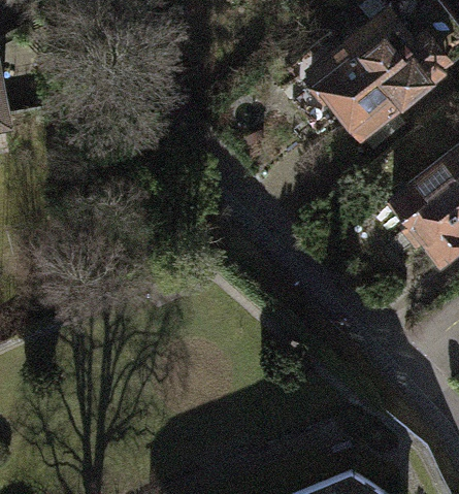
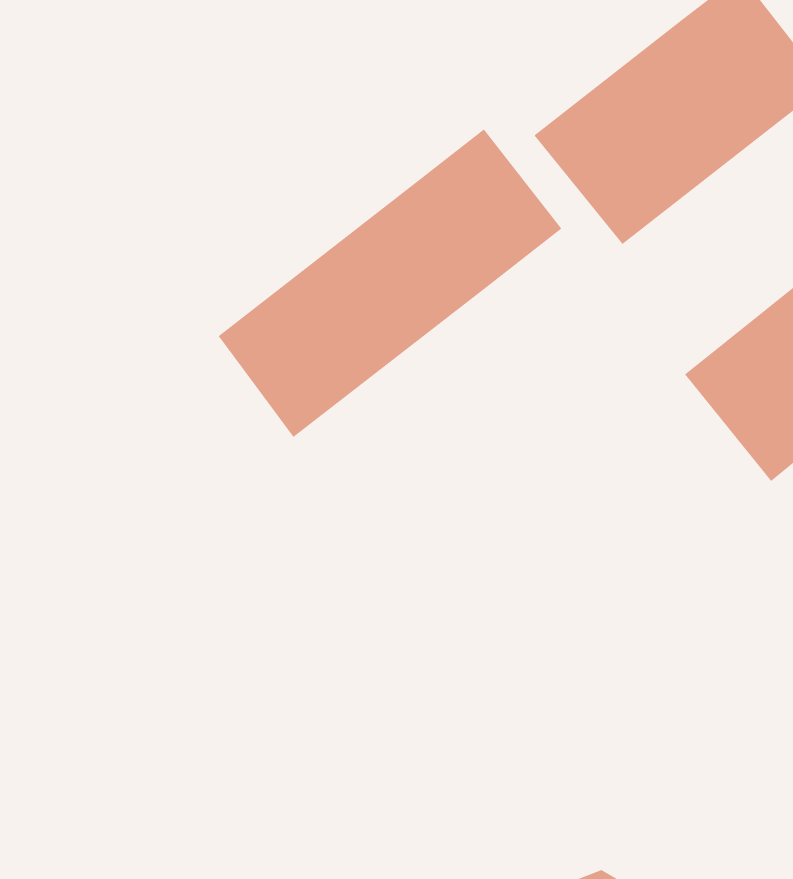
building: none -> [218,129,562,438]

